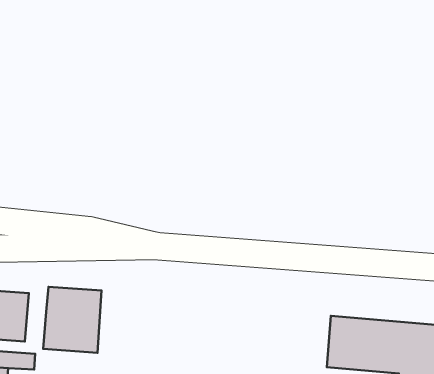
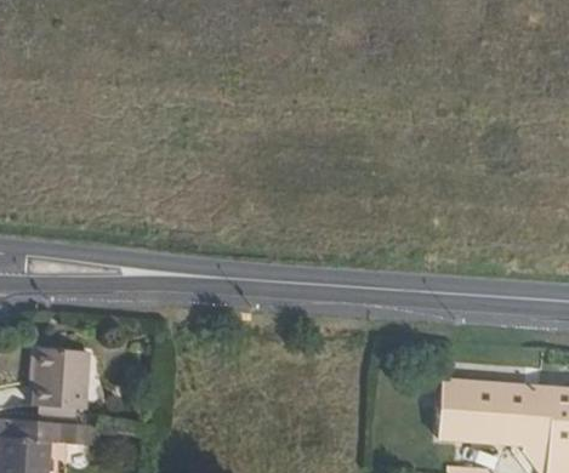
building: [43,287,101,353] -> none

